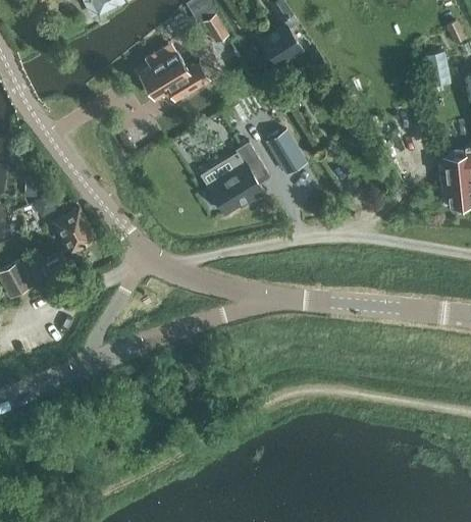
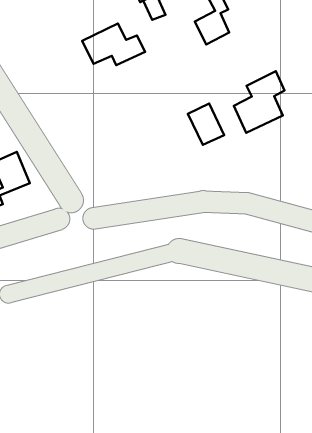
building: none -> [234,71,284,133]
building: [207,141,269,212] -> none

